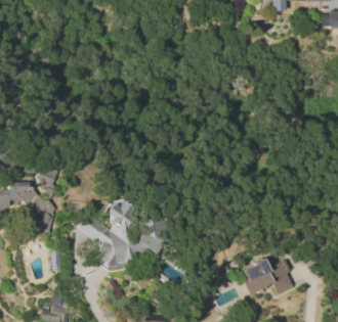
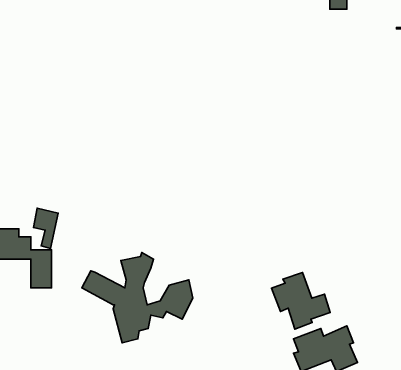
building: none -> [272,273,330,329]

